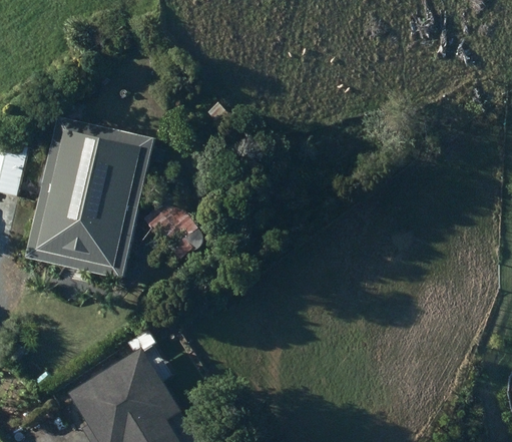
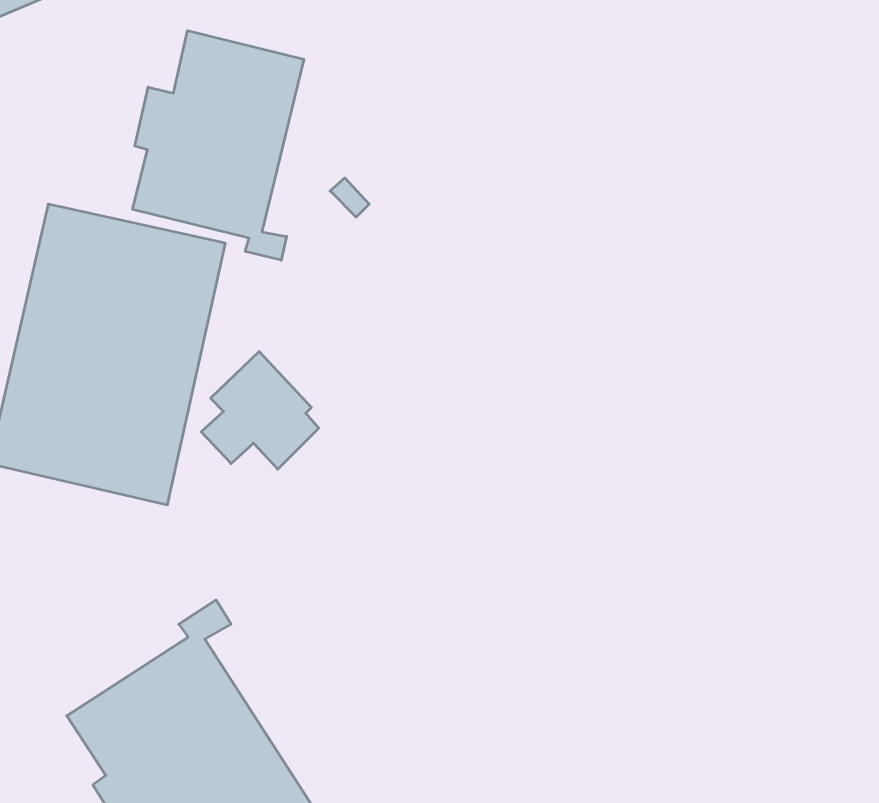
building: none -> [133,31,304,260]

